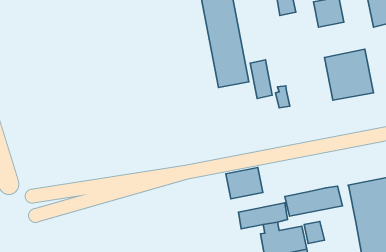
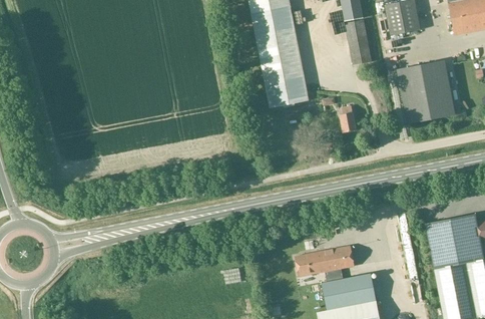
building: [250,60,272,99] -> [346,19,372,65]
building: [226,168,263,199] -> none
building: [285,186,342,216] -> none
building: [304,221,325,244] -> none

